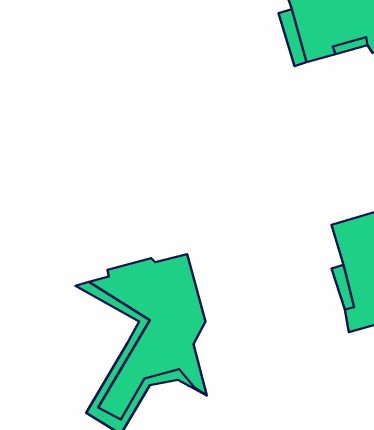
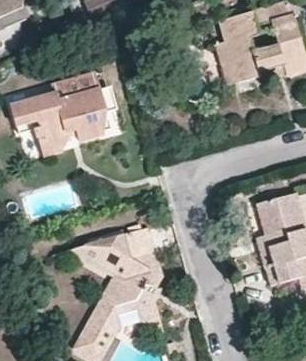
building: none -> [11,73,113,154]

